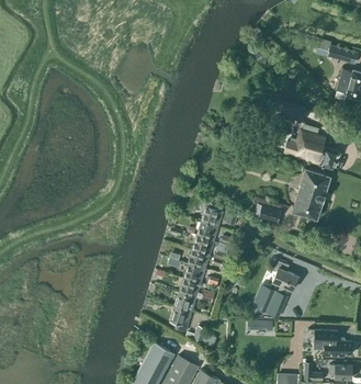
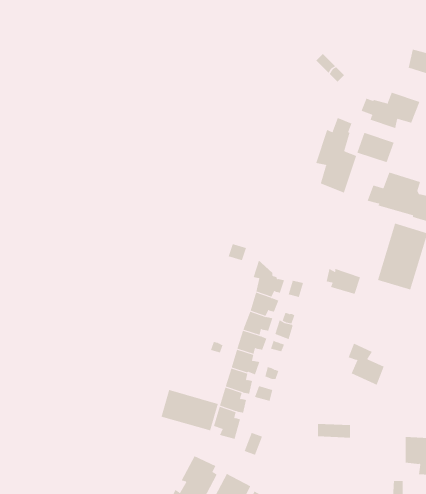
building: none -> [361,92,420,129]
building: none -> [316,117,357,194]
building: [259,286,292,316] -> none
building: none -> [161,389,219,431]

